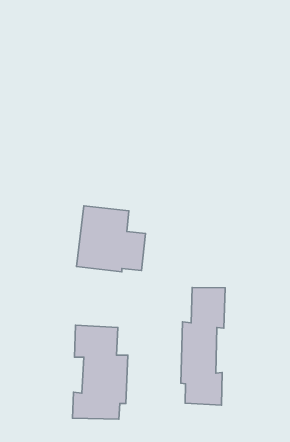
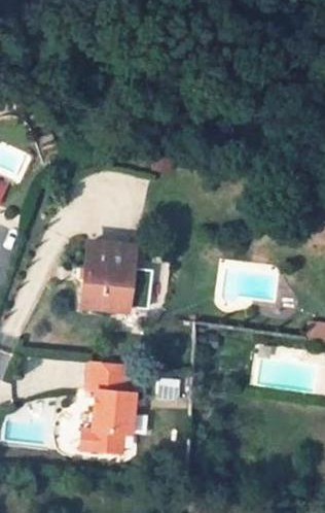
building: [181,288,225,405] -> none

